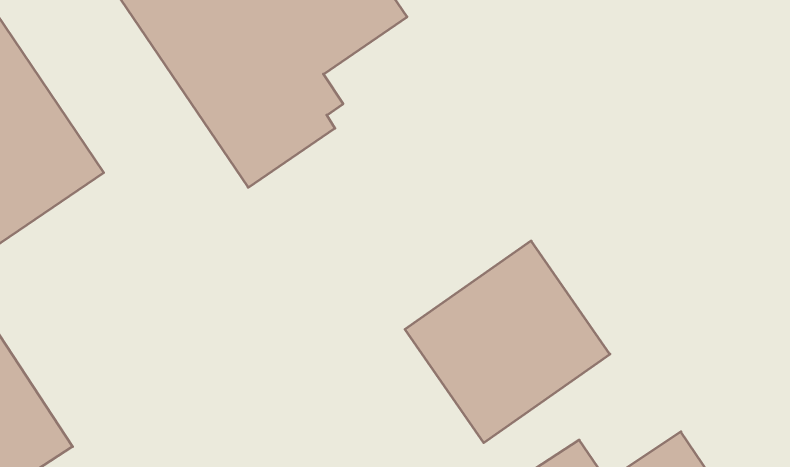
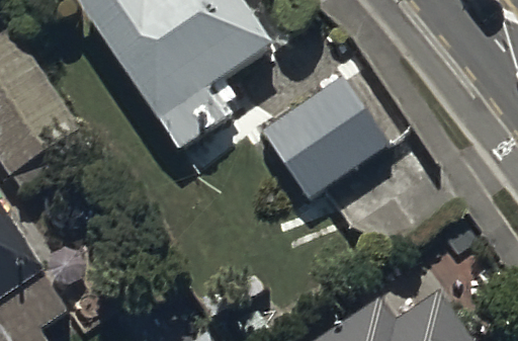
building: [405,241,610,443] -> [259,73,385,197]

